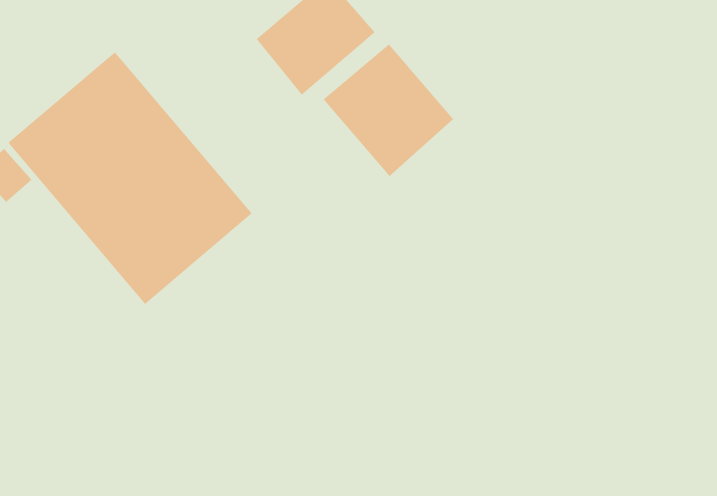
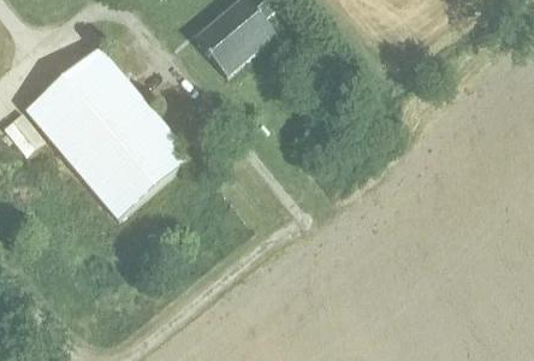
building: [323,44,454,177] -> none

